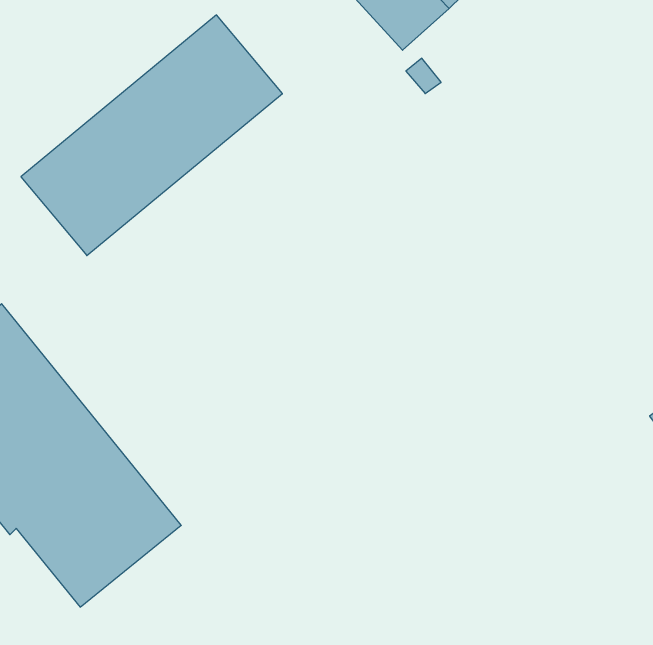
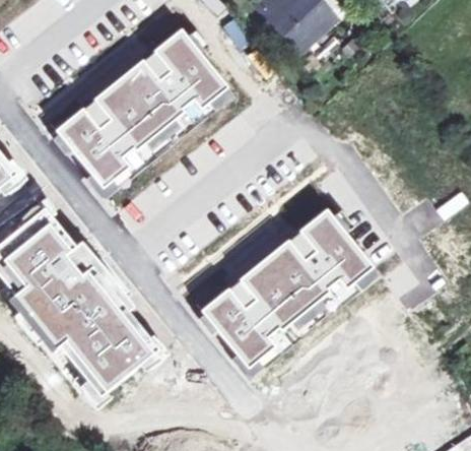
building: none -> [195,210,368,368]

